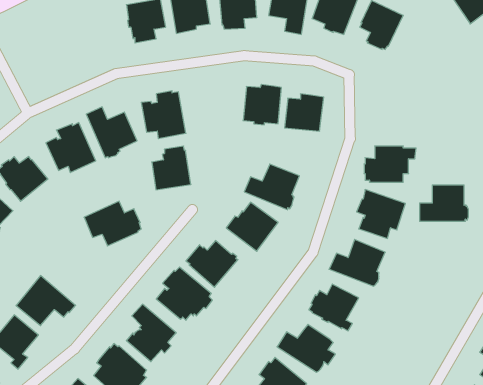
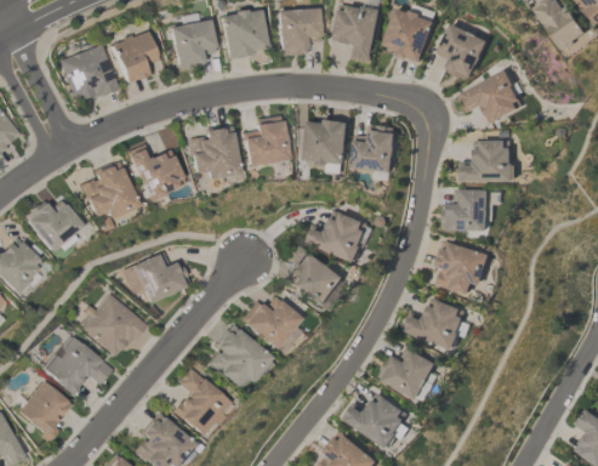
building: none -> [114,30,159,83]
building: none -> [61,44,120,100]
building: none -> [460,67,524,123]
building: [152,146,191,190] -> [244,115,289,165]
building: [420,185,468,221] -> [461,140,517,181]
building: none -> [81,294,148,356]

